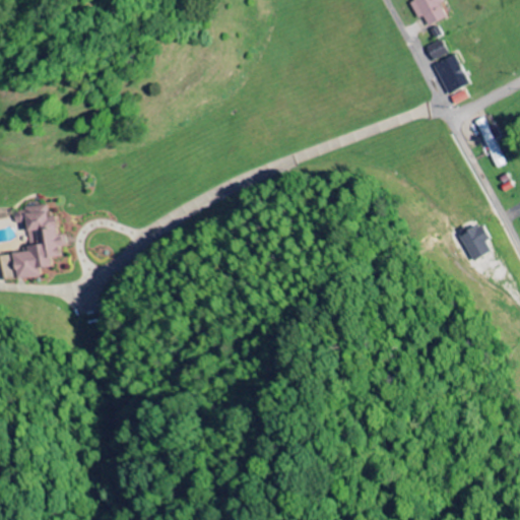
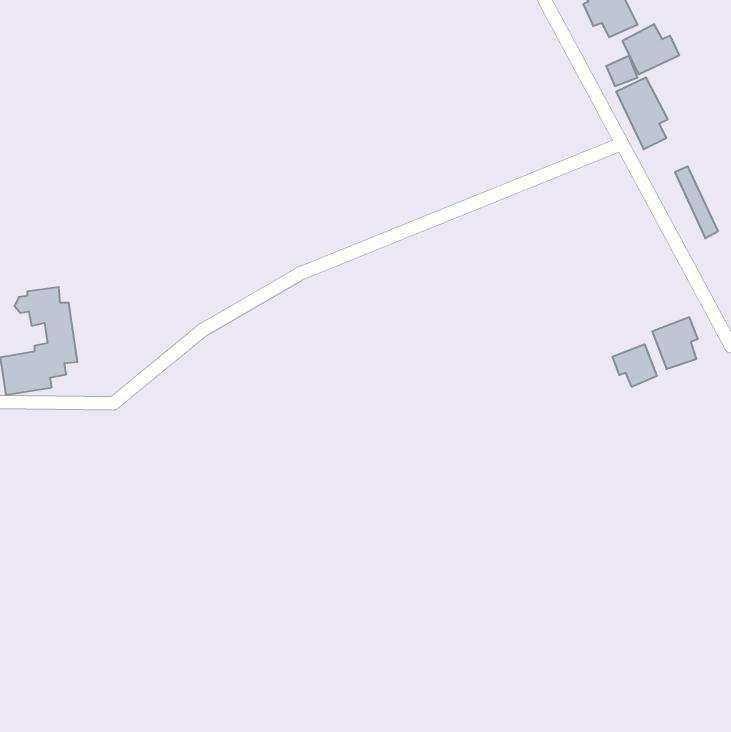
building: none -> [623,24,679,75]
building: none -> [613,344,657,387]

